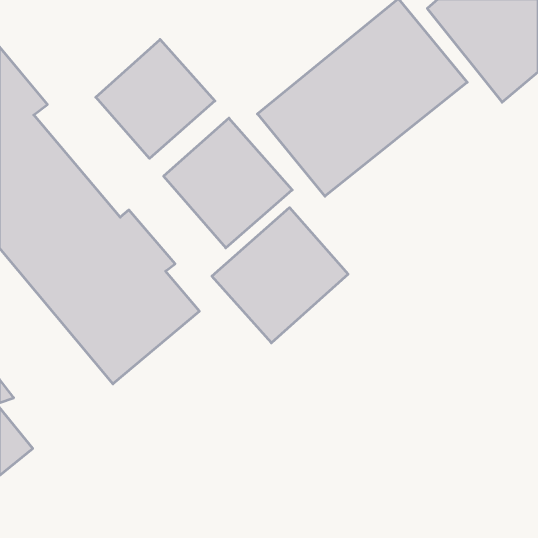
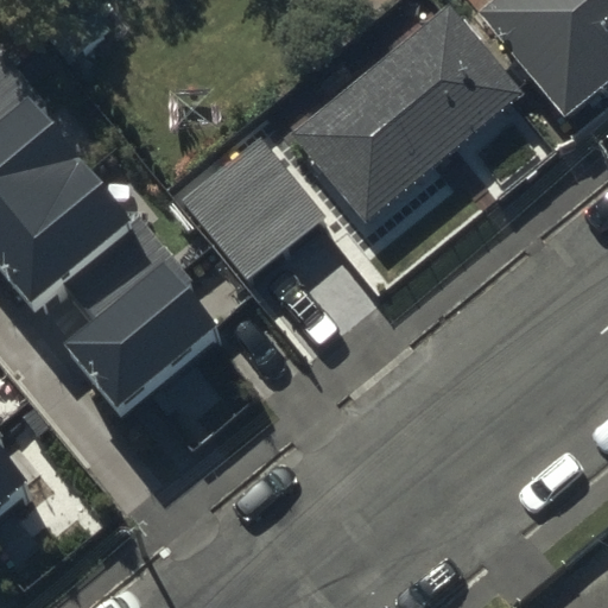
building: [96,39,215,158] -> none
building: [212,208,348,343] -> none

